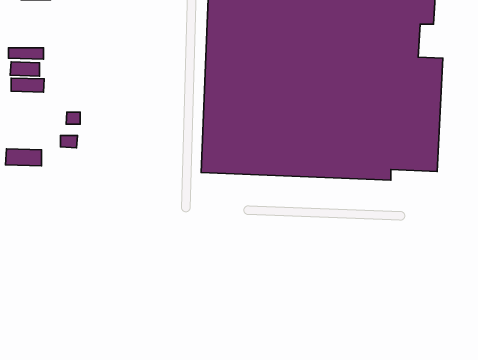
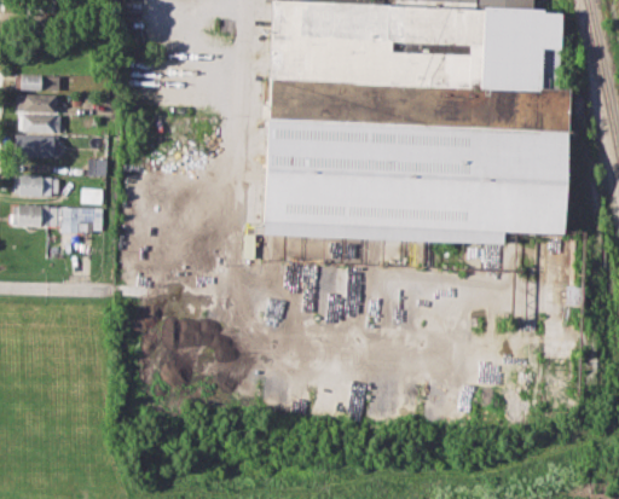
building: none -> [16,135,59,158]
building: none -> [15,175,59,197]
building: none -> [63,208,104,233]

